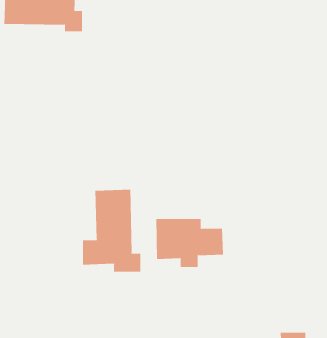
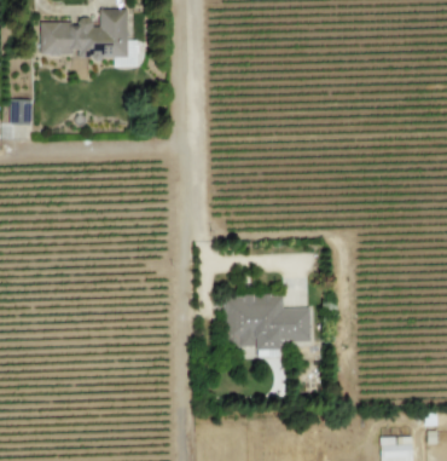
building: [83,189,141,273] -> none

